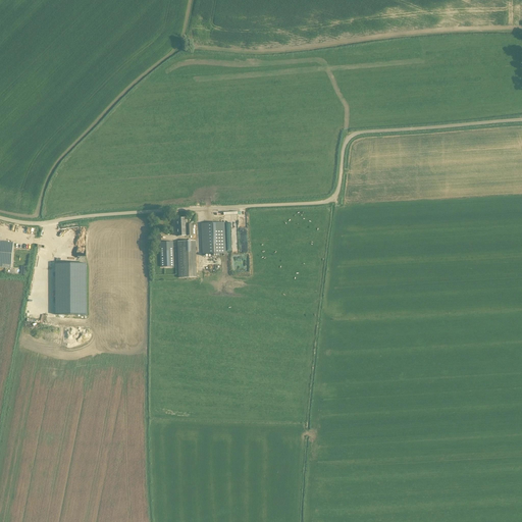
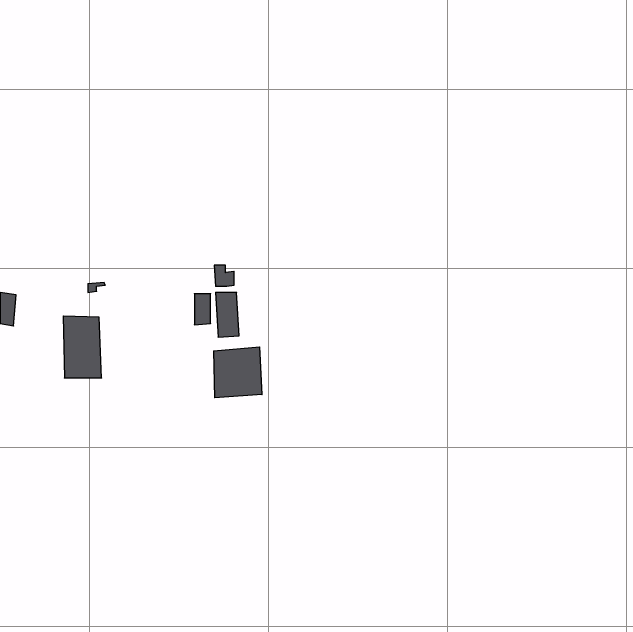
building: [201,222,225,254] -> none
building: none -> [214,347,262,398]

